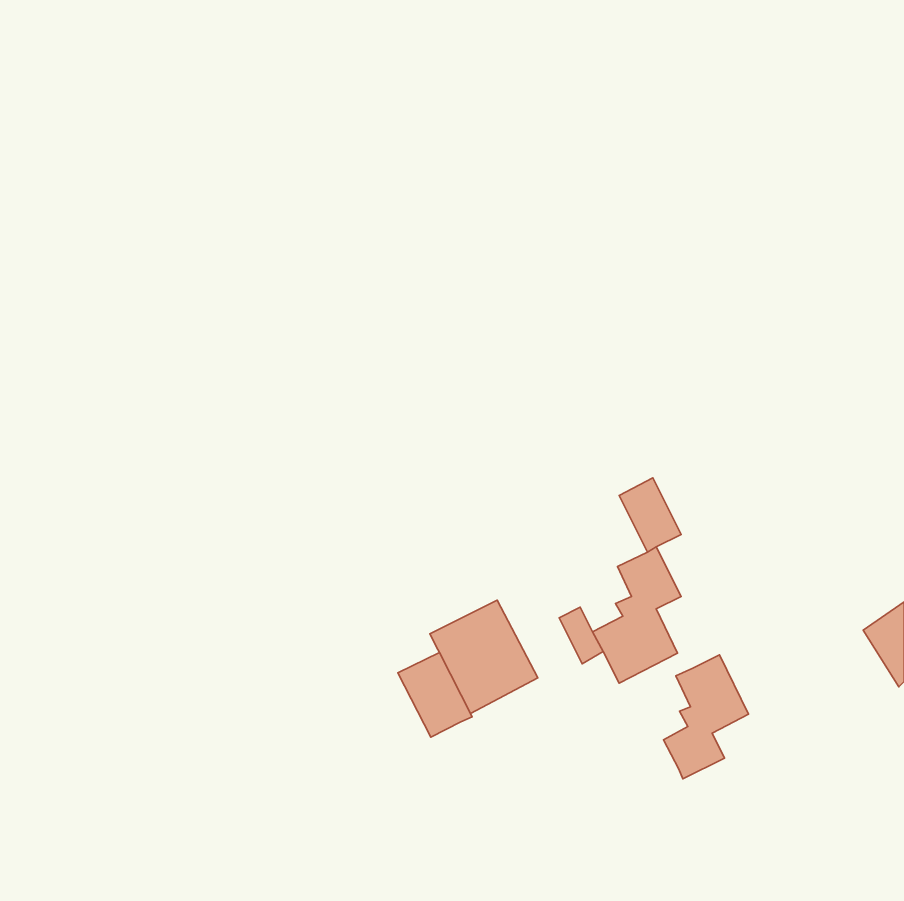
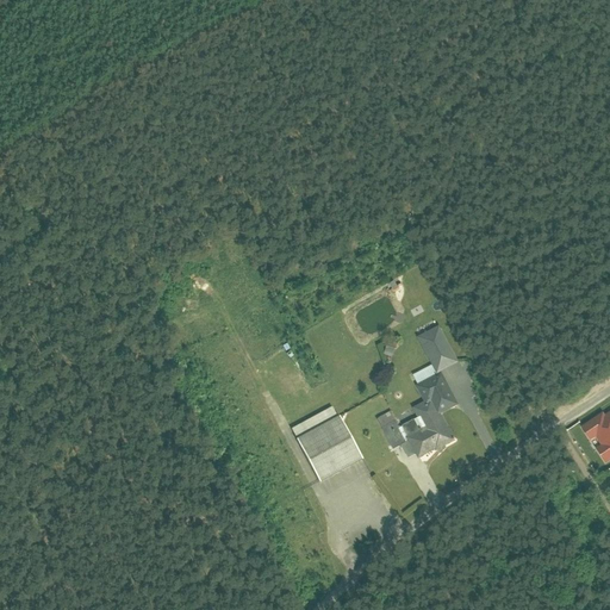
building: [398,653,472,737] -> none
building: [663,655,748,779] -> none

